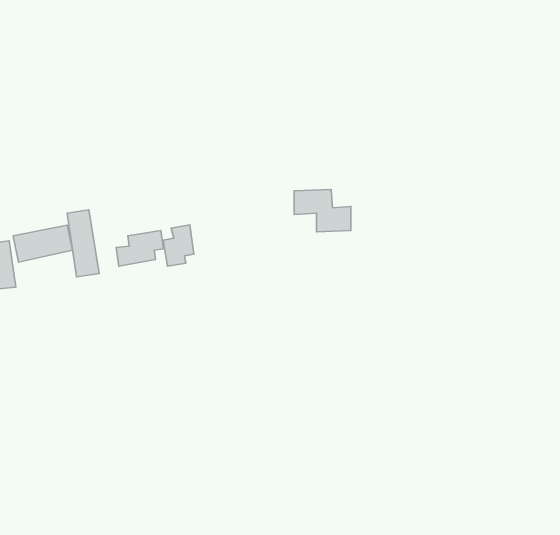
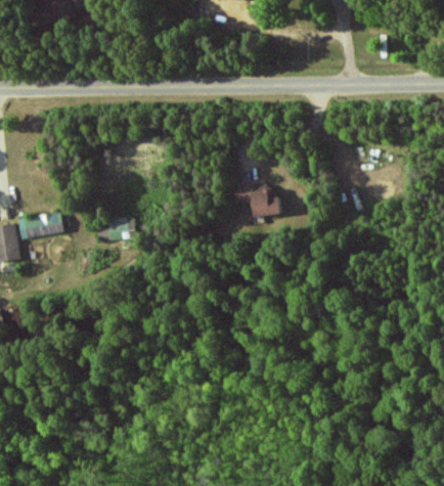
building: [67,210,99,277] -> none
building: [163,225,194,266] -> none

